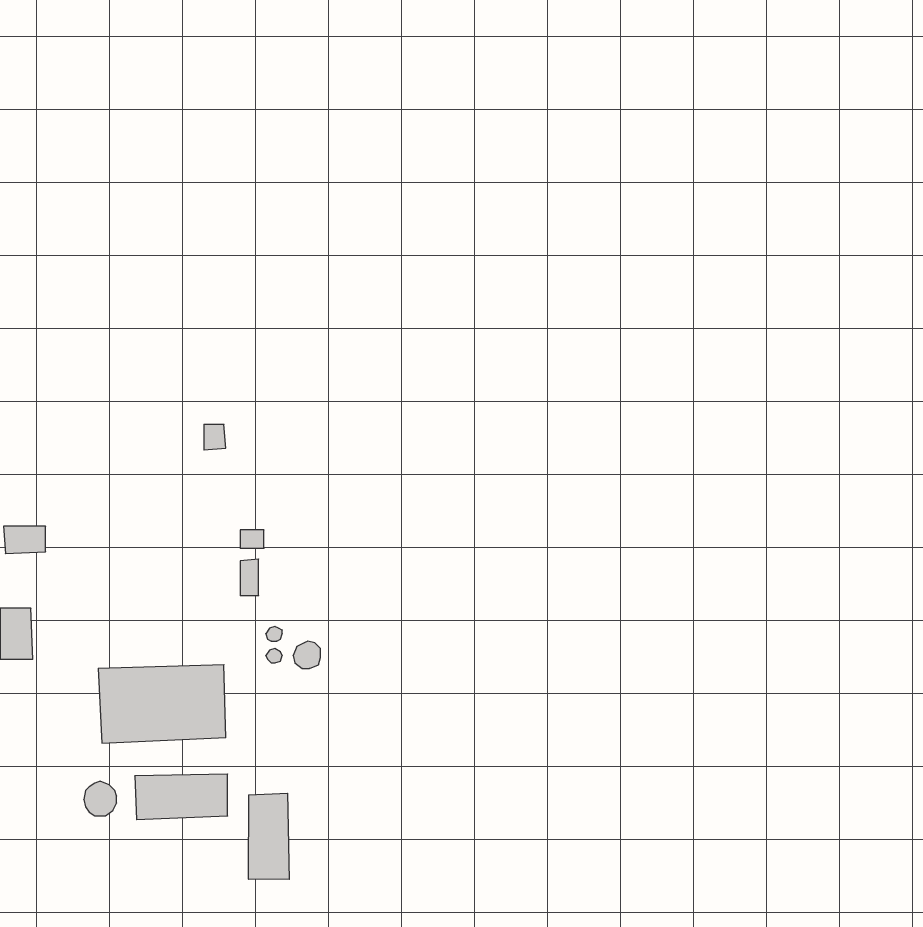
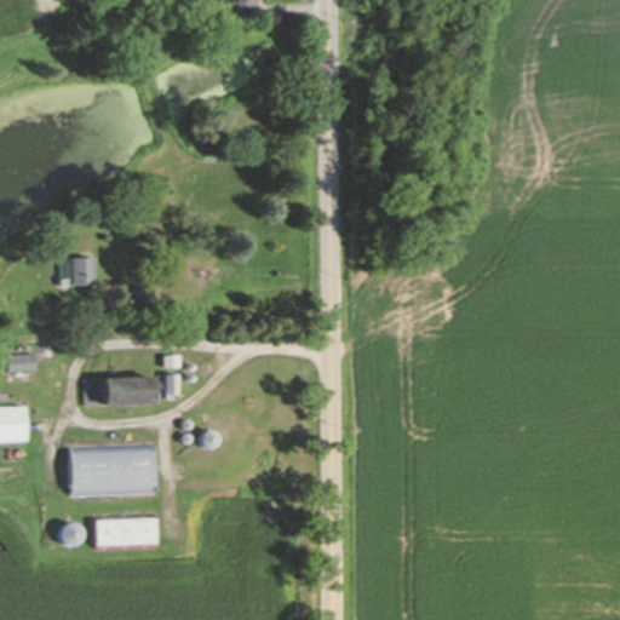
building: none -> [59,258,93,287]
building: none -> [85,378,153,406]
building: [249,793,289,879] -> none

